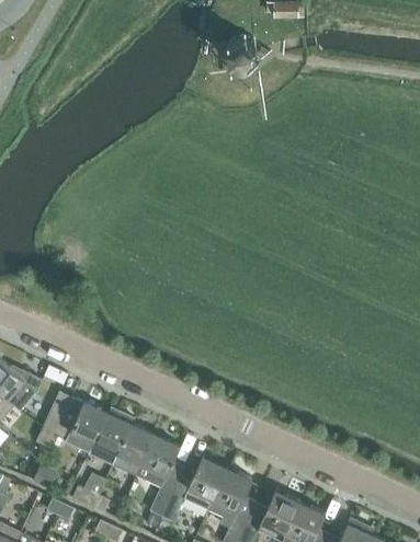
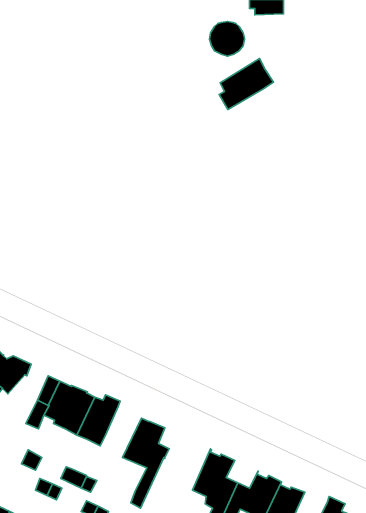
building: none -> [219,59,274,109]
building: [113,424,156,476] -> none
building: [160,457,227,522] -> none

